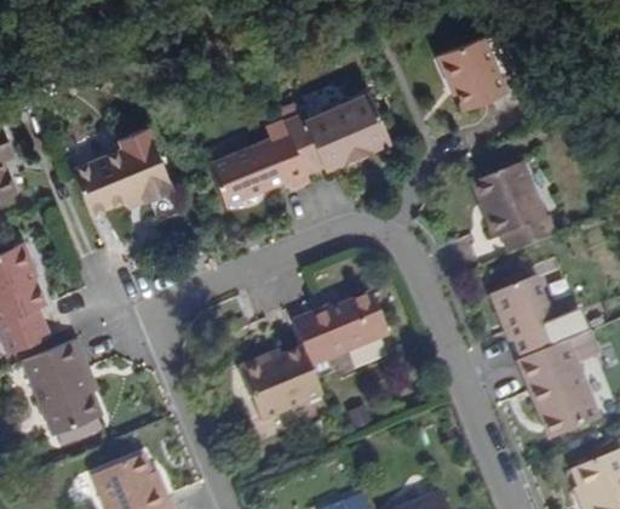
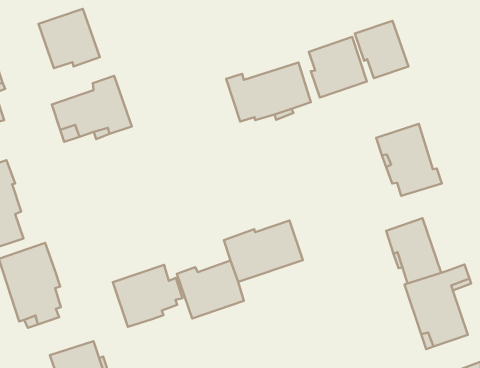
building: none -> [38,9,100,68]
building: none -> [309,37,367,98]
building: [208,120,308,204] -> none
building: none -> [113,265,183,327]

